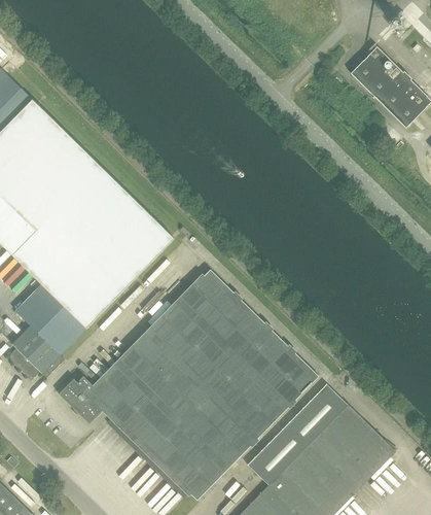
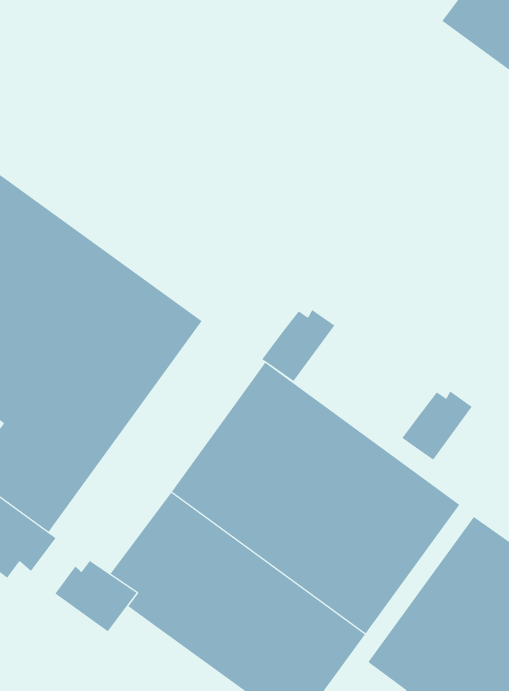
building: none -> [261,309,335,382]
building: none -> [401,391,473,460]

